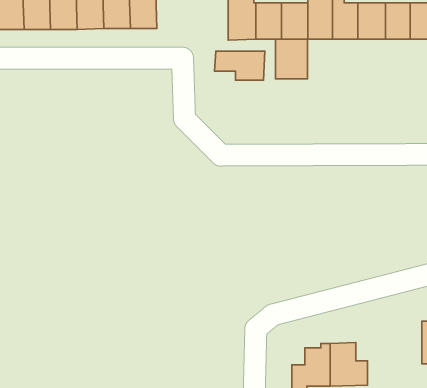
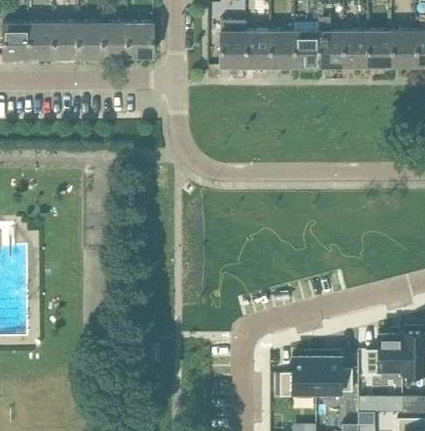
building: [275,39,307,79] -> none
building: [215,51,265,80] -> none
building: none -> [367,334,403,374]

